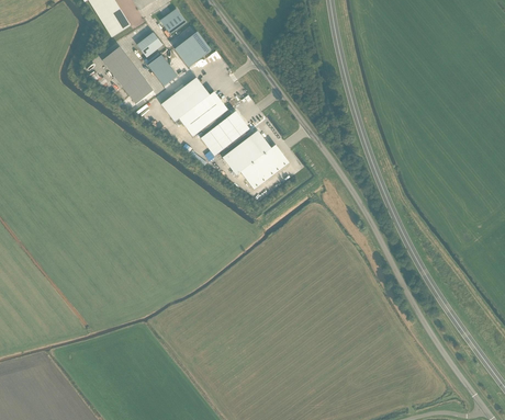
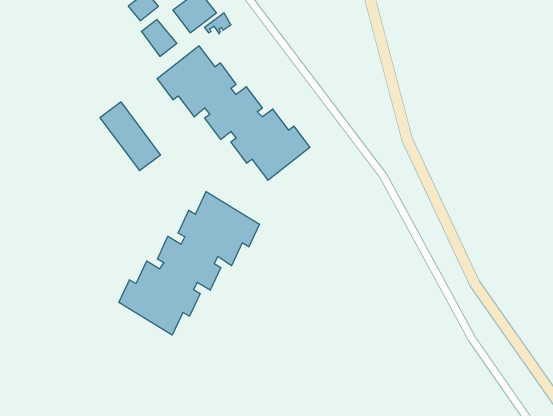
building: [103,45,154,102] -> [100,102,161,171]
building: none -> [119,191,259,335]

